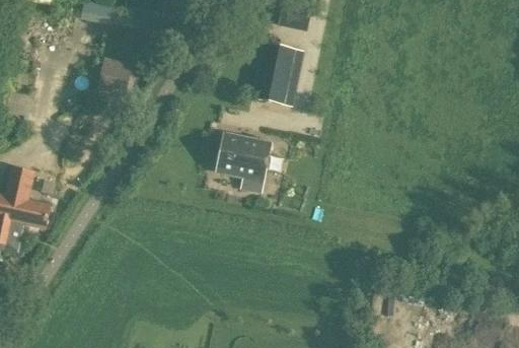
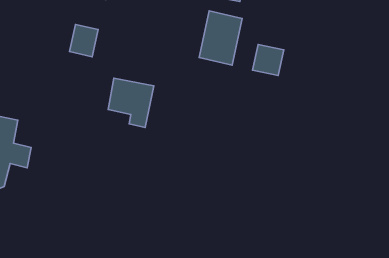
building: none -> [252,44,284,76]
building: [217,133,272,192] -> [108,78,154,127]

